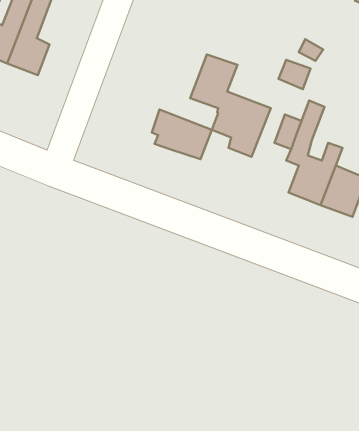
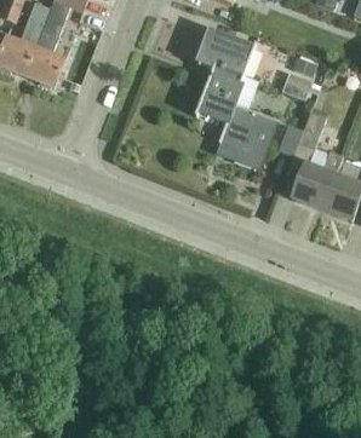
building: [152,109,212,159] -> [196,29,253,76]

